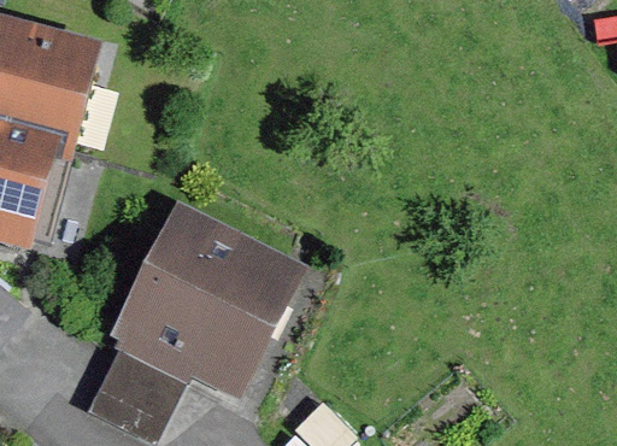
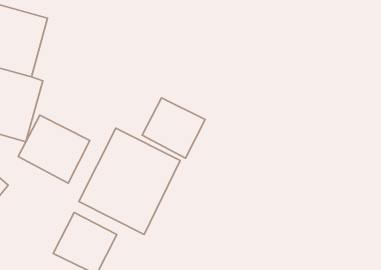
building: none -> [142,98,205,158]
building: none -> [18,115,90,183]

